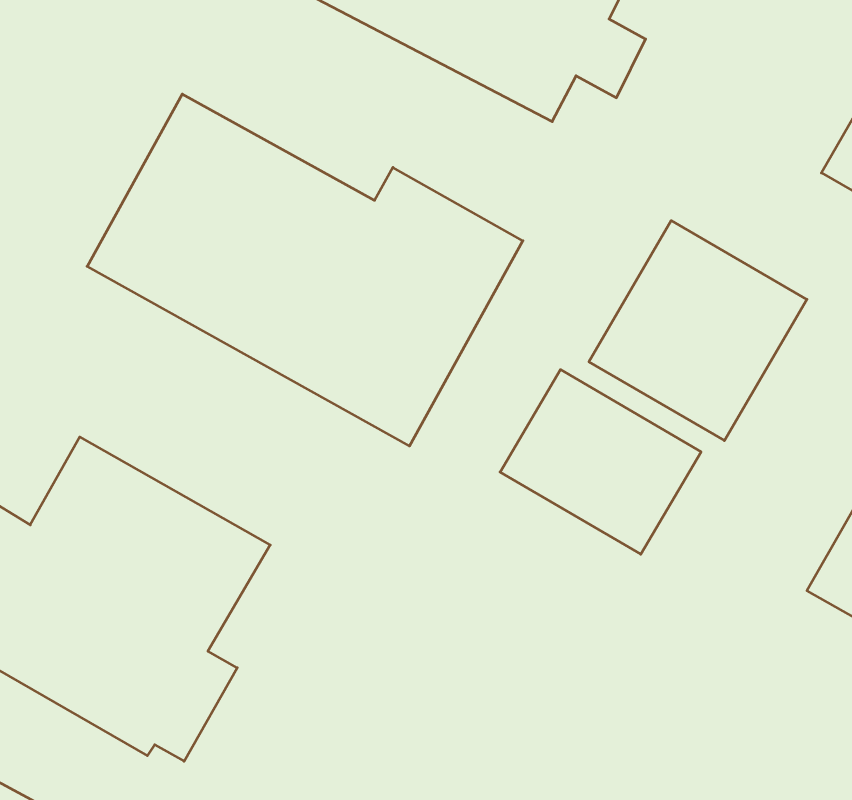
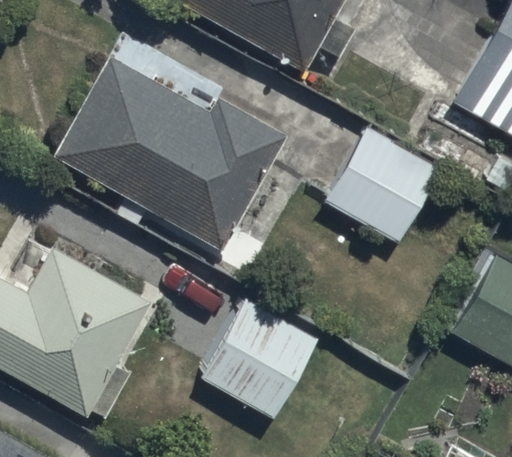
building: [500,370,701,554] -> none
building: none -> [192,295,320,422]

